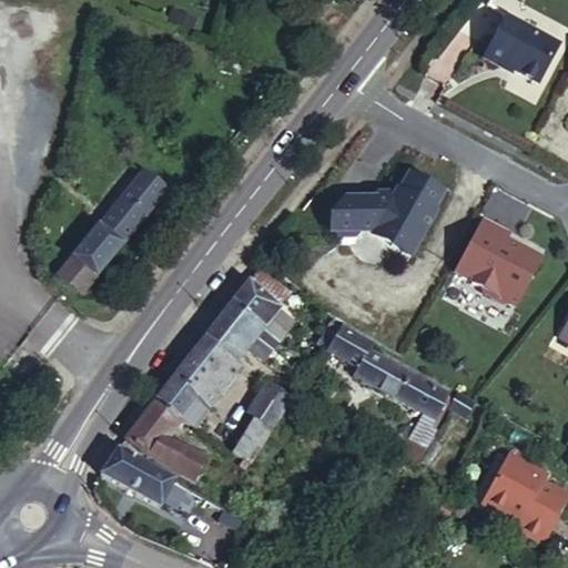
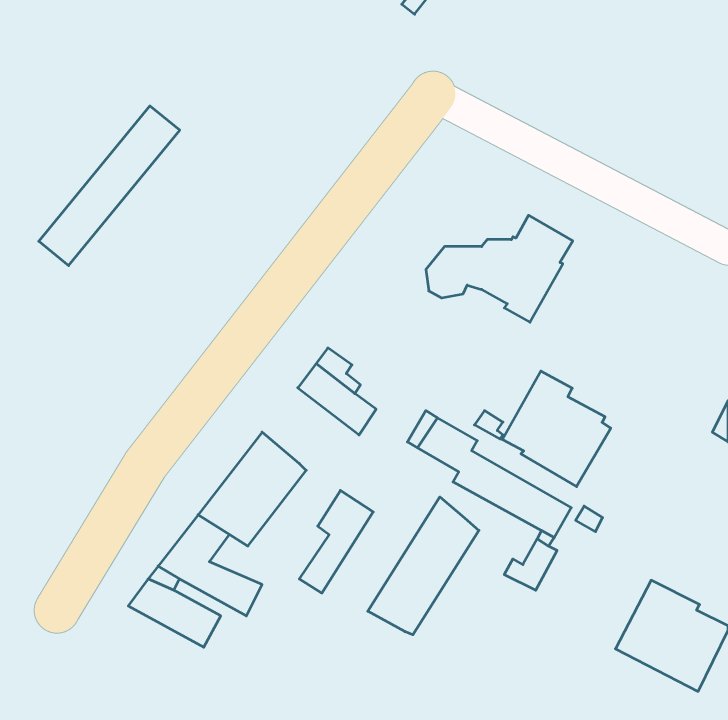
building: [479,13,556,82] -> none
building: [55,171,165,295] -> [39,106,180,266]
building: [457,216,541,306] -> [502,371,611,487]
building: [204,302,280,361] -> none
building: none -> [368,497,479,635]

